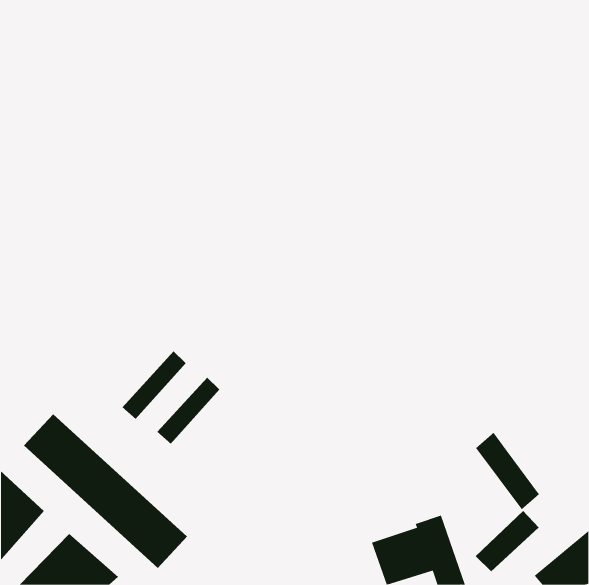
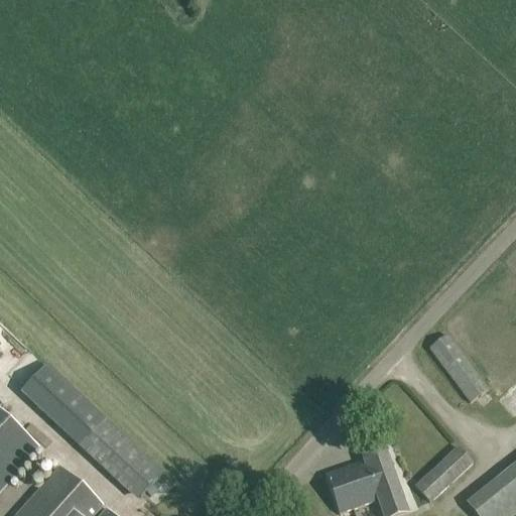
building: [122,351,186,420] -> none
building: [157,377,220,444] -> none
building: [475,432,540,510] -> [430,334,487,402]

